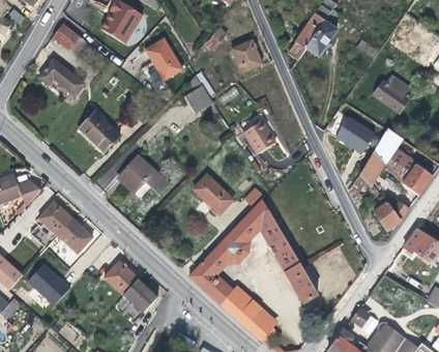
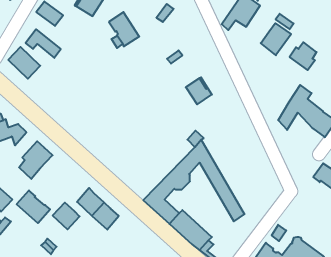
building: [231,39,262,72] -> none
building: none -> [261,23,291,55]
building: [184,75,213,114] -> none
building: [80,111,120,151] -> [8,47,40,79]
building: [335,117,375,153] -> none
building: [118,155,169,193] -> none
building: [194,174,233,213] -> none
building: [370,197,409,230] -> none
building: [58,218,92,253] -> [53,203,80,229]

